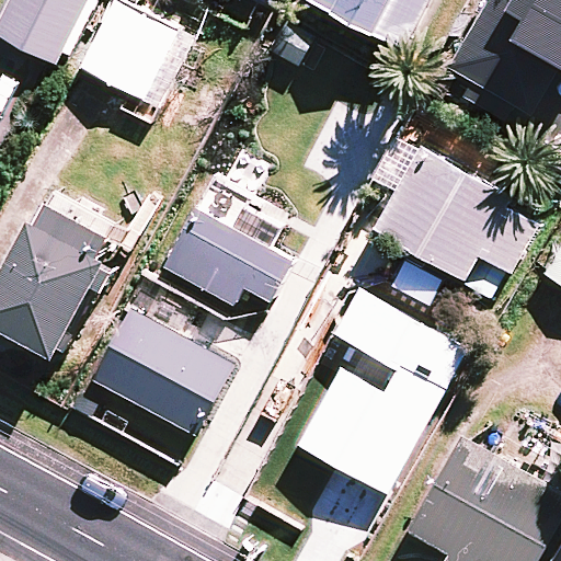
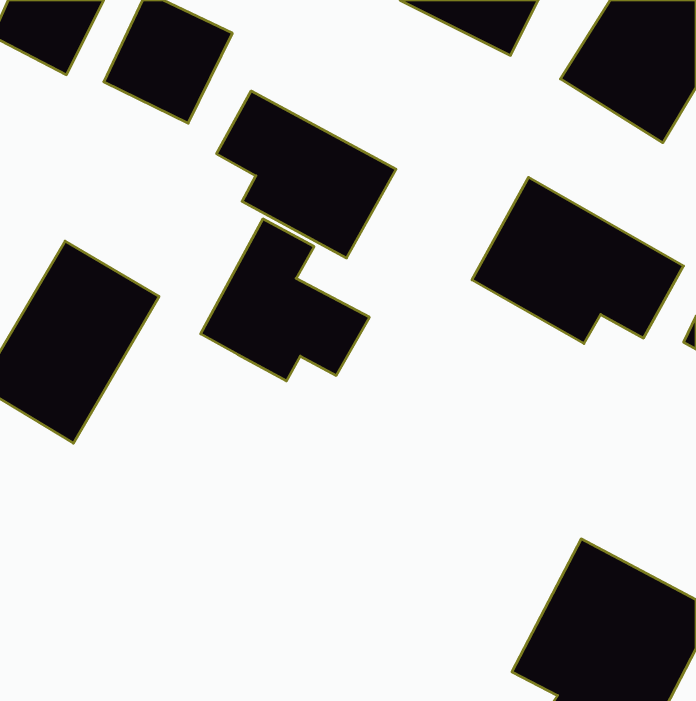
building: none -> [217,91,396,258]
building: [102,286,227,427] -> none
building: [297,287,467,493] -> none

